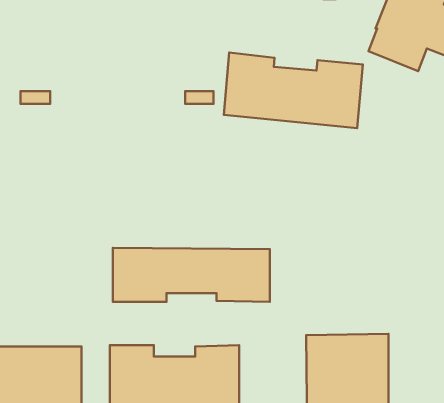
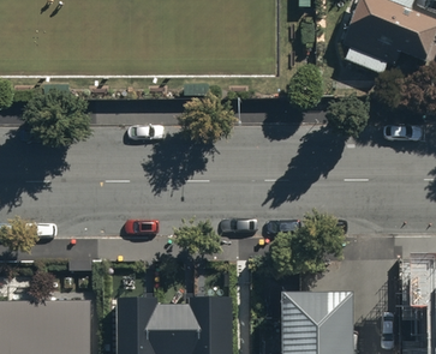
building: [224,52,363,128] -> none
building: [113,248,270,302] -> none

